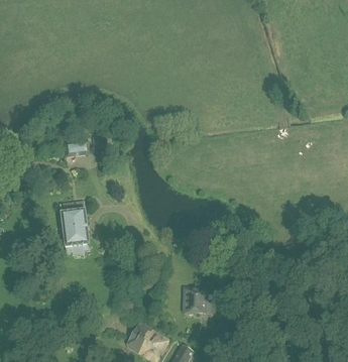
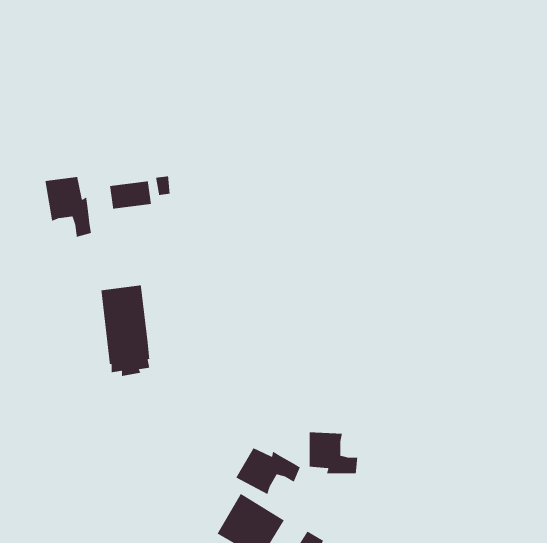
building: none -> [45,176,92,238]
building: none -> [235,447,301,495]

